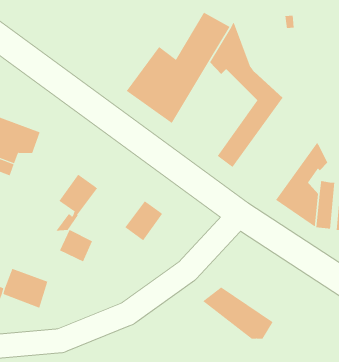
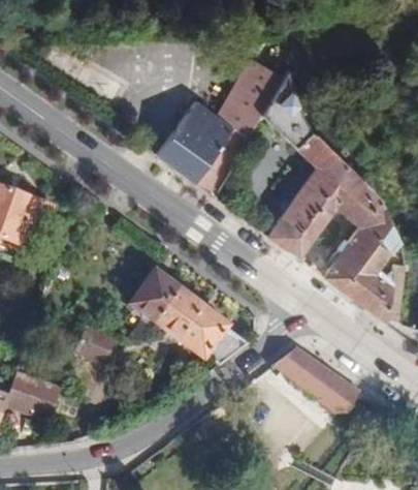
building: none -> [286,162,389,287]
building: [55,174,98,231] -> [125,271,178,341]
building: none -> [176,305,248,365]
building: [203,287,273,339] -> [272,346,359,410]

